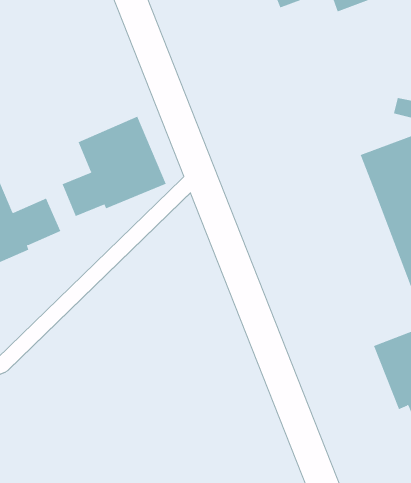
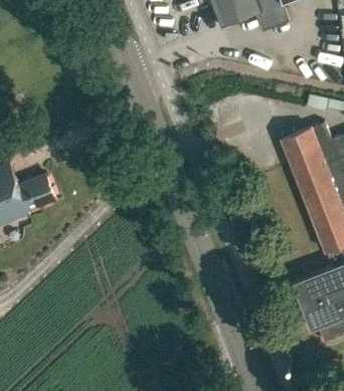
building: [62,116,166,217] -> none

